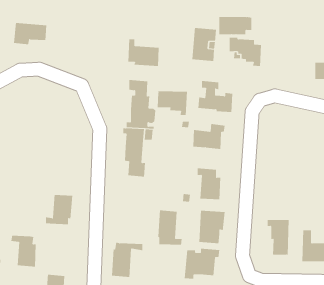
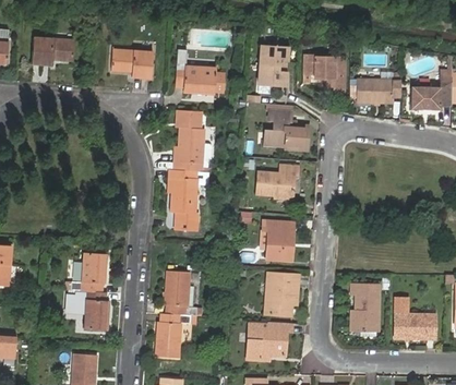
building: [219,17,252,35] -> [358,80,400,103]
building: none -> [111,50,153,79]
building: [157,90,188,116] -> none
building: [158,210,183,245] -> [165,272,196,316]
building: [11,235,37,267] -> [76,291,109,332]

